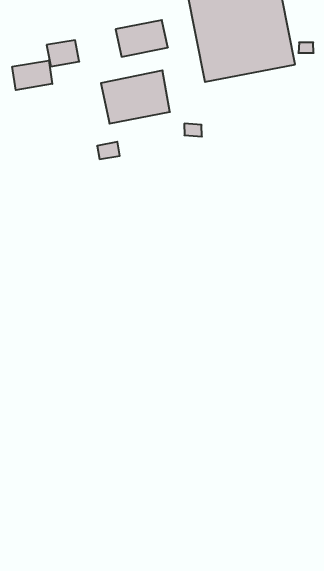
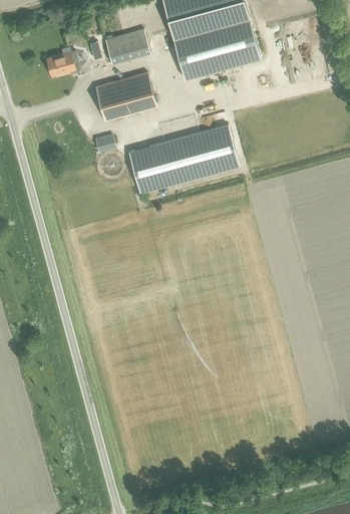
building: [12,60,52,90] -> none
building: none -> [129,125,239,193]

